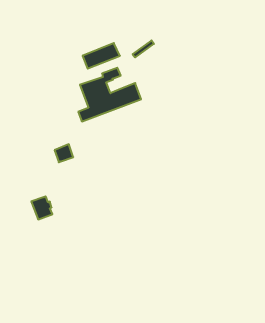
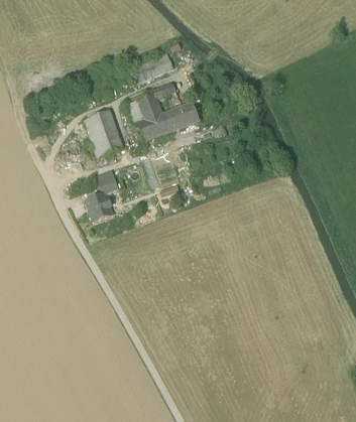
building: none -> [84,111,122,157]
building: [31,196,52,219] -> [87,193,112,221]

